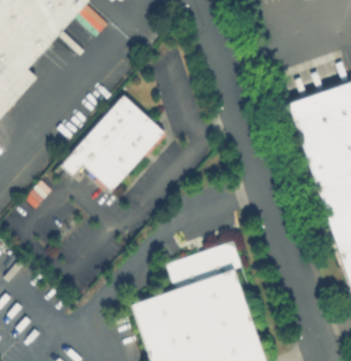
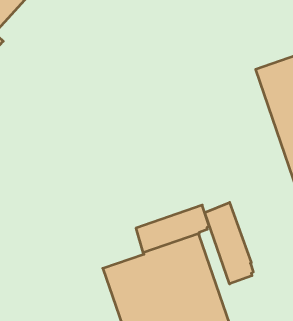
building: [64,98,162,189] -> none
building: none -> [205,202,253,284]

